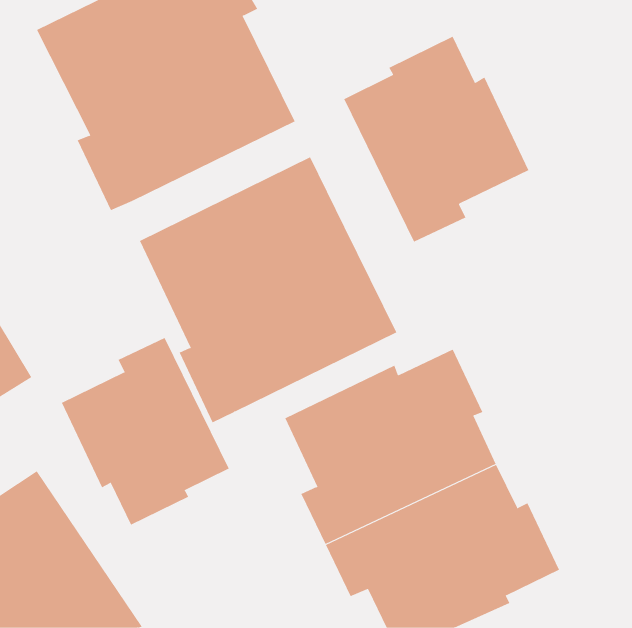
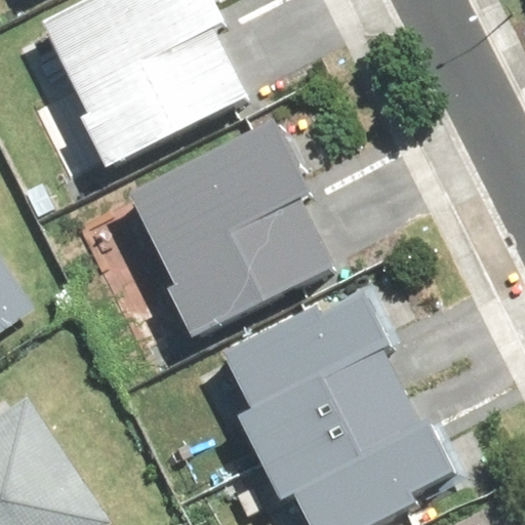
building: [343,36,529,243] -> none
building: [61,337,229,526] -> none

